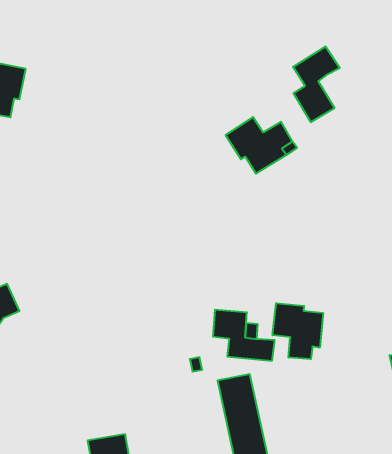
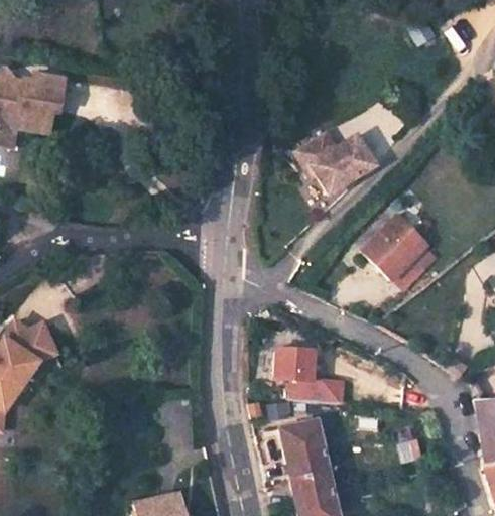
building: [293,46,340,122] -> none
building: none -> [362,222,422,282]
building: [273,303,323,359] -> none

